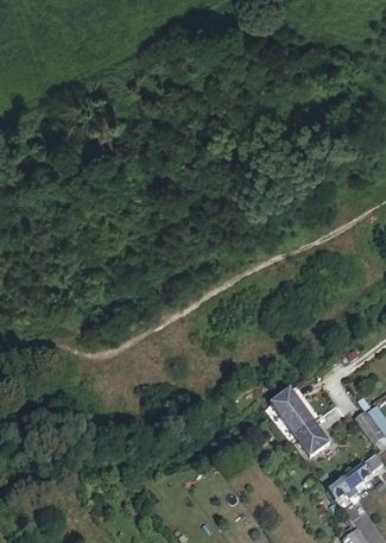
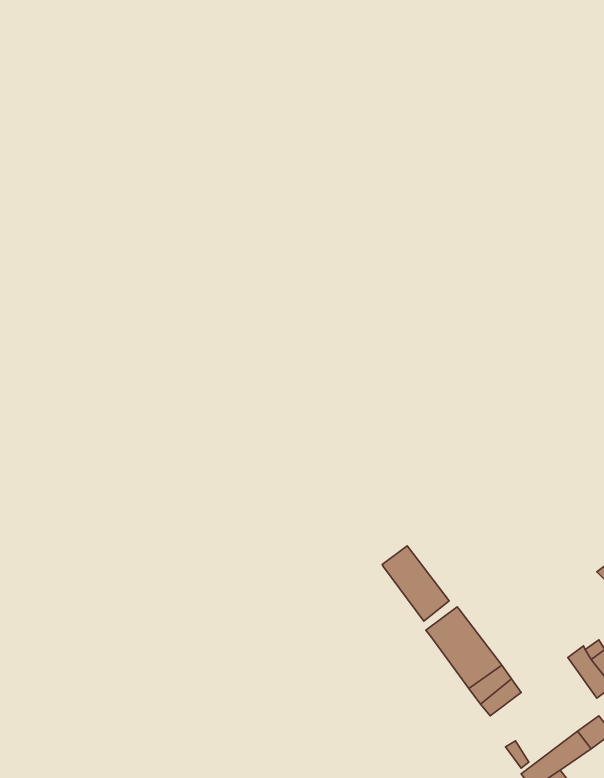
building: none -> [382,546,449,621]

